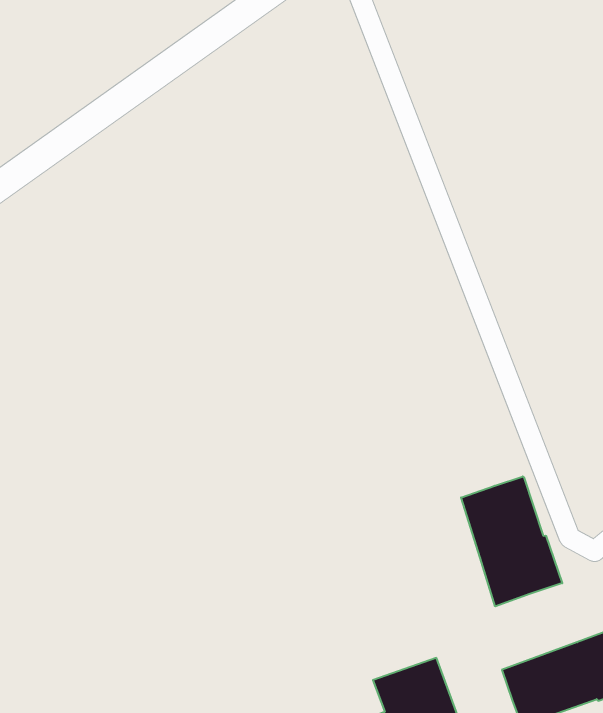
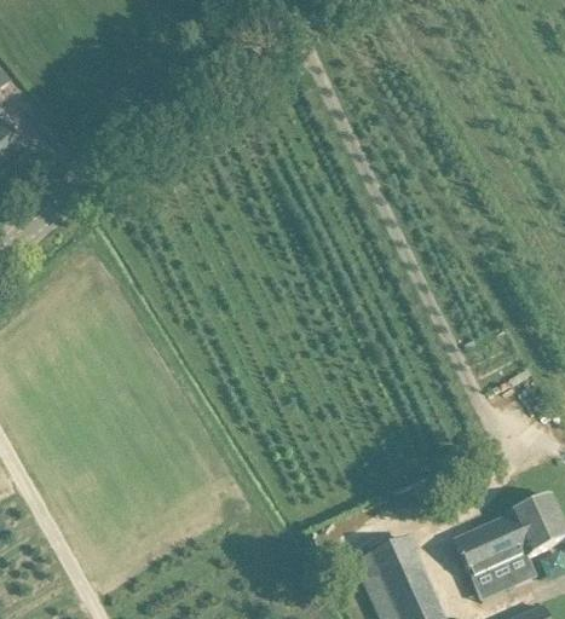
building: [461,476,562,606] -> none

